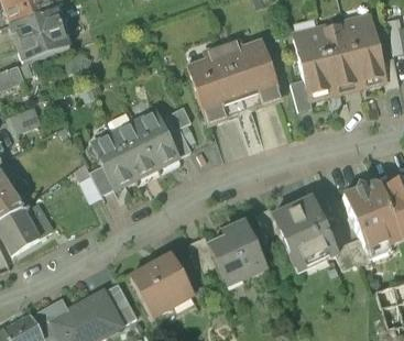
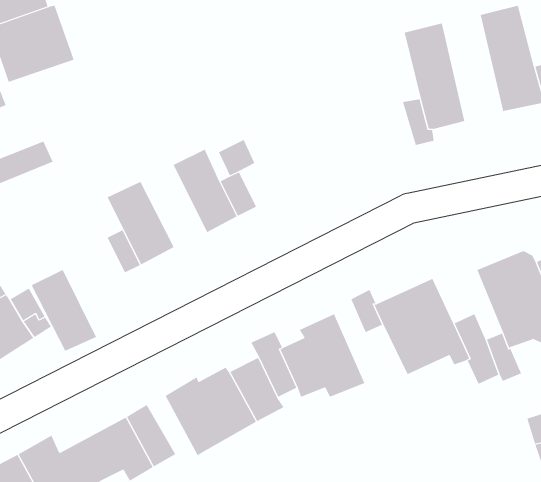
building: [319,18,360,90] -> none
building: [189,36,283,120] -> none
building: [113,120,159,176] -> [31,269,97,352]

